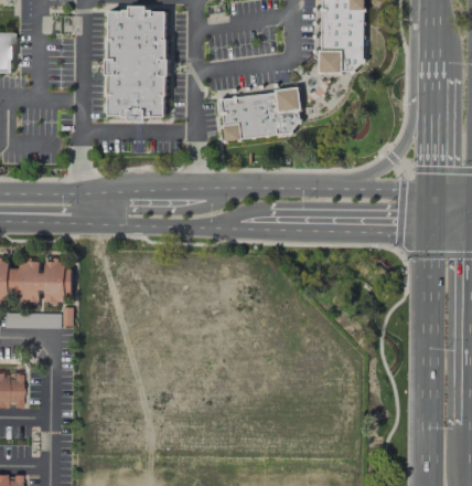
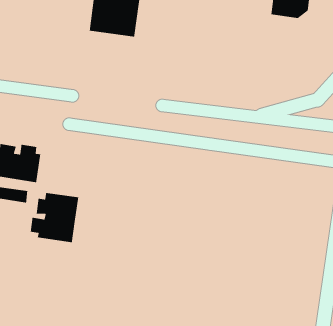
building: [221,88,301,142] -> none
building: none -> [30,192,79,243]

